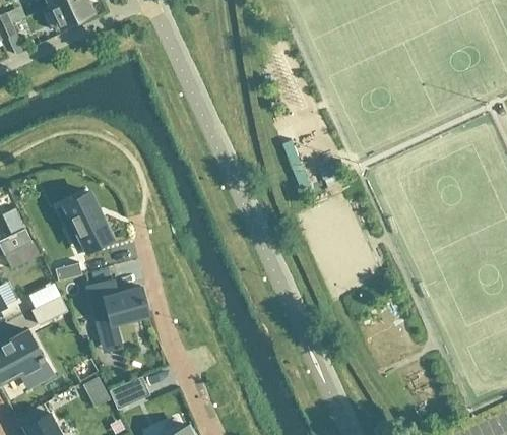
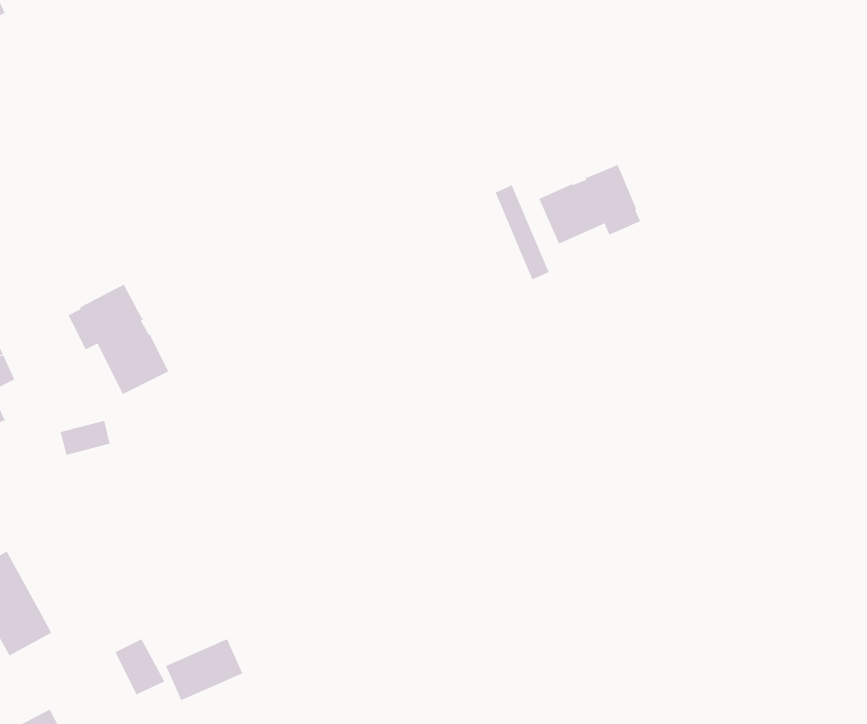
building: none -> [538,164,641,244]
building: [88,279,147,339] -> none
building: [31,296,67,325] -> none

